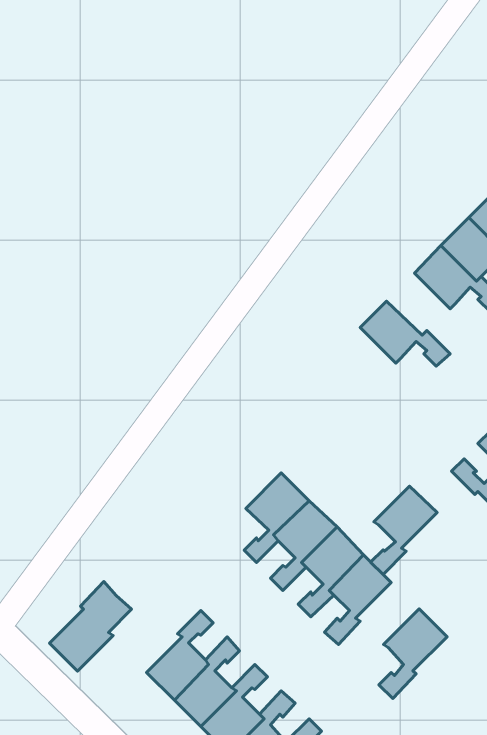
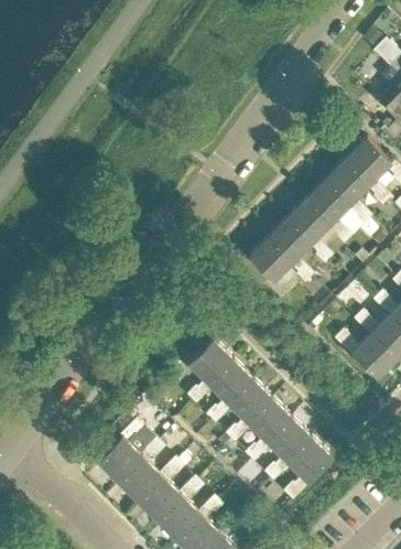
building: none -> [289,198,353,245]
building: none -> [250,237,314,284]
building: [371,486,437,574] -> [264,419,312,482]
building: [50,581,132,671] -> [98,419,156,483]

